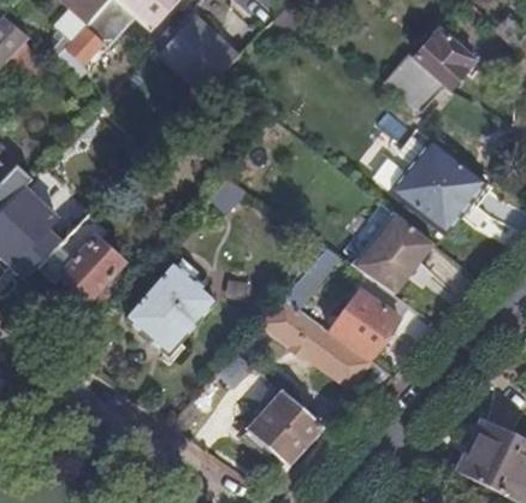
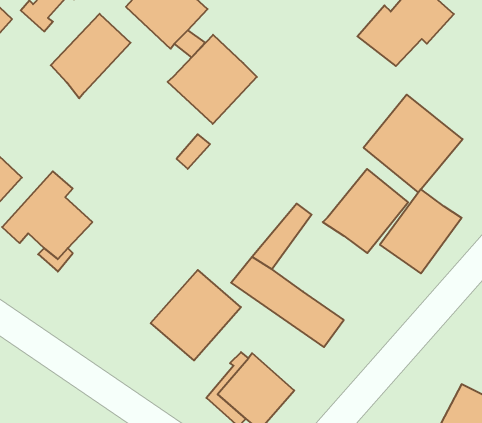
building: none -> [51,14,131,98]
building: none -> [168,35,257,124]
building: [128,264,215,351] -> [151,270,241,360]
building: [331,276,410,357] -> [380,189,462,273]

